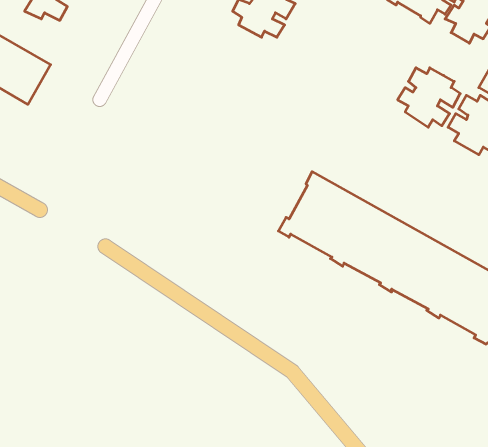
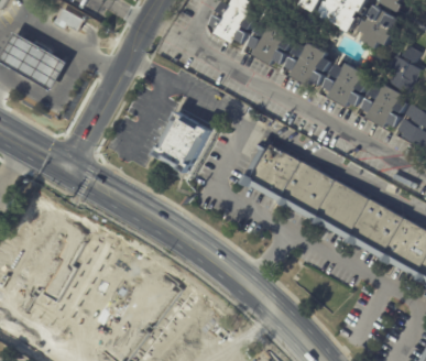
building: none -> [249,21,295,65]
building: none -> [286,42,331,86]
building: none -> [150,112,205,174]

